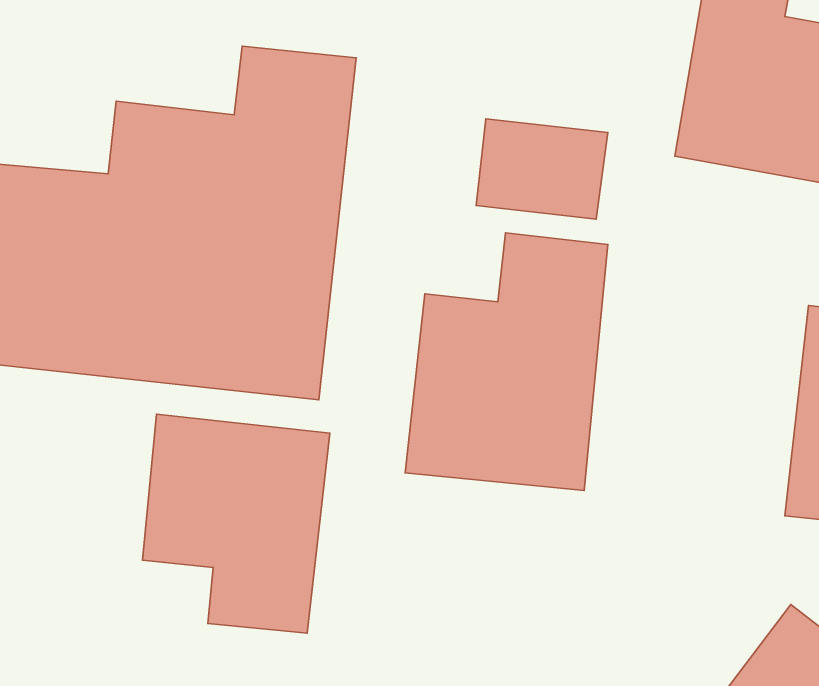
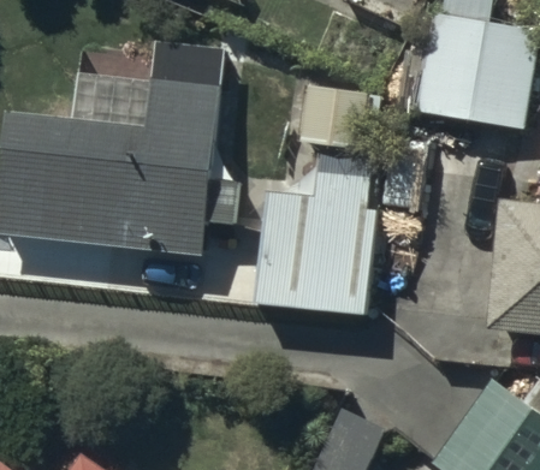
building: [142,414,330,633] -> none

